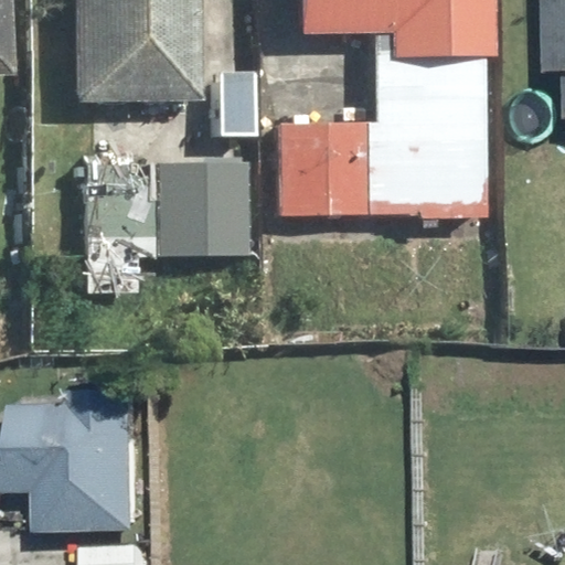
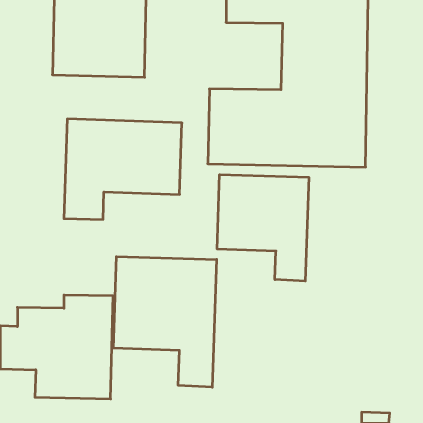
building: none -> [217,175,309,281]
building: none -> [113,257,217,387]

